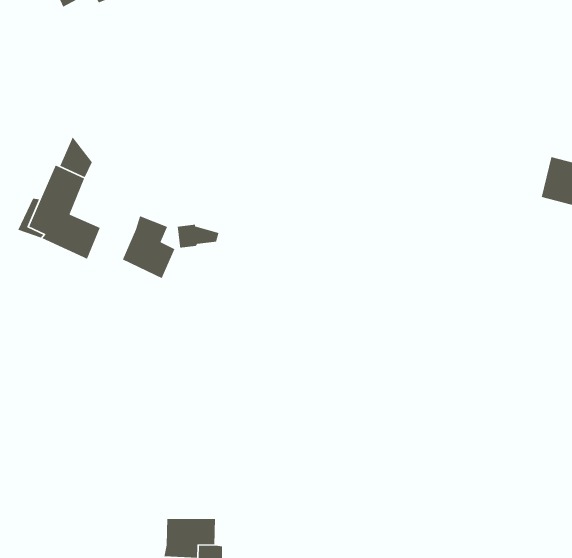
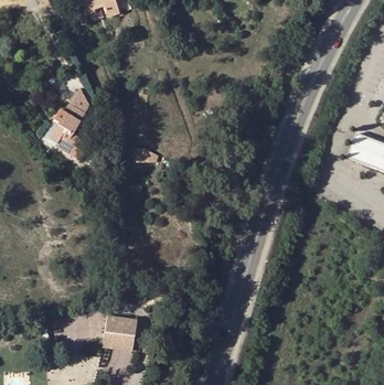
building: [122,215,175,279] -> none

